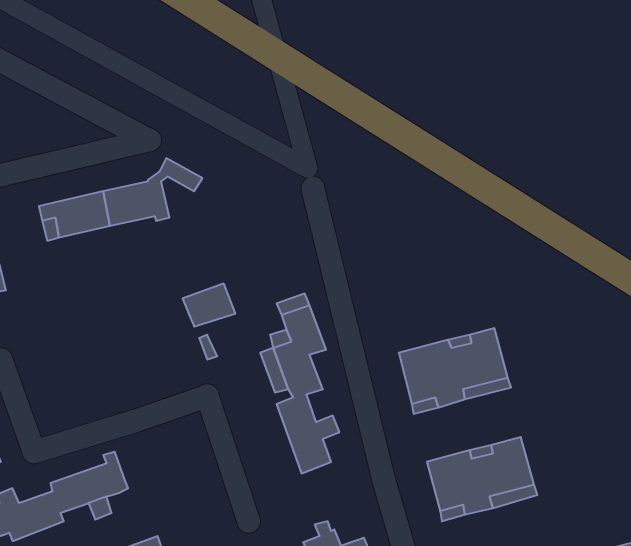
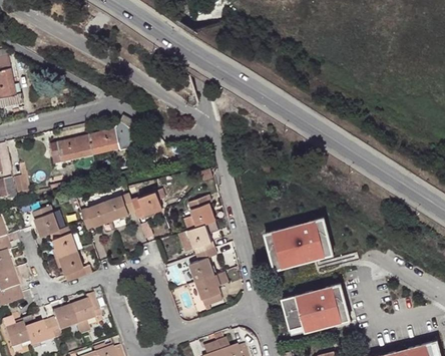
building: none -> [82,192,137,228]
building: none -> [33,203,93,280]

